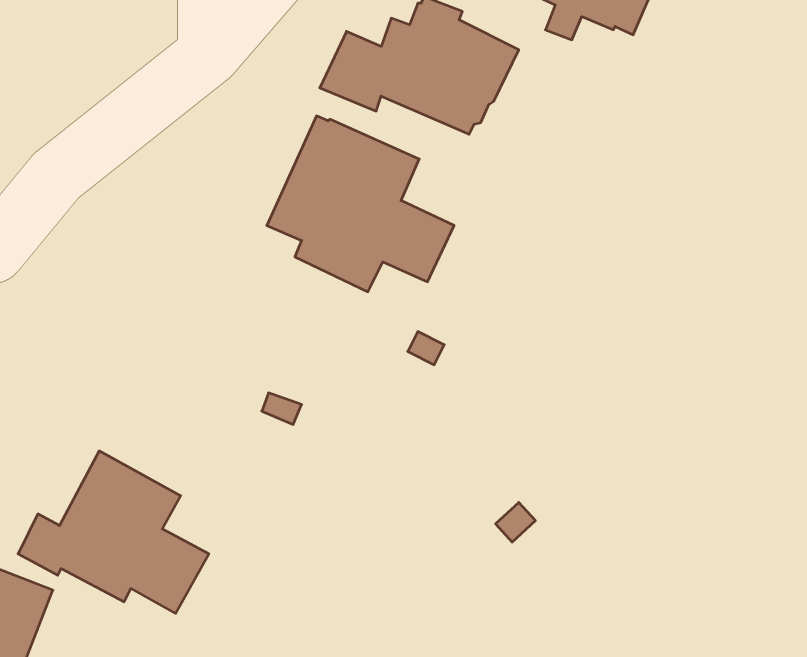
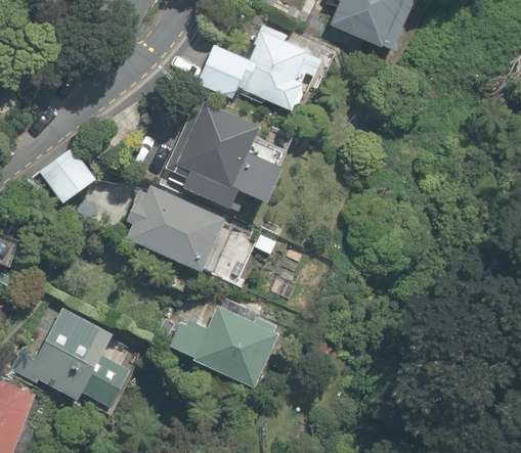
building: none -> [40,147,96,202]
building: none -> [124,185,235,271]
building: none -> [169,305,278,387]

